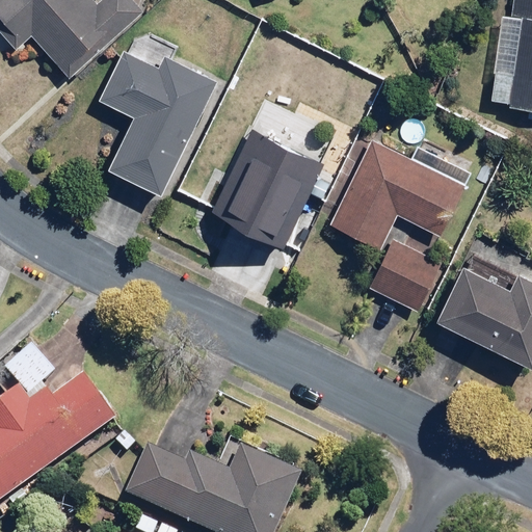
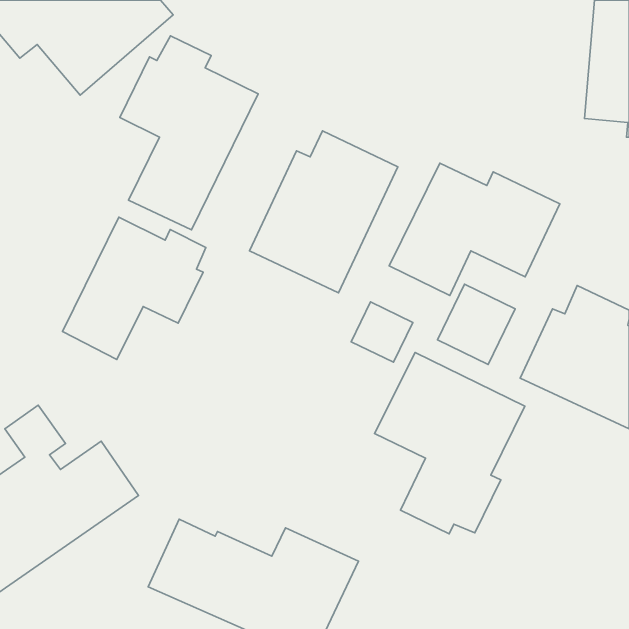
building: none -> [62,217,206,359]
building: none -> [351,302,413,362]
building: none -> [375,353,525,534]

